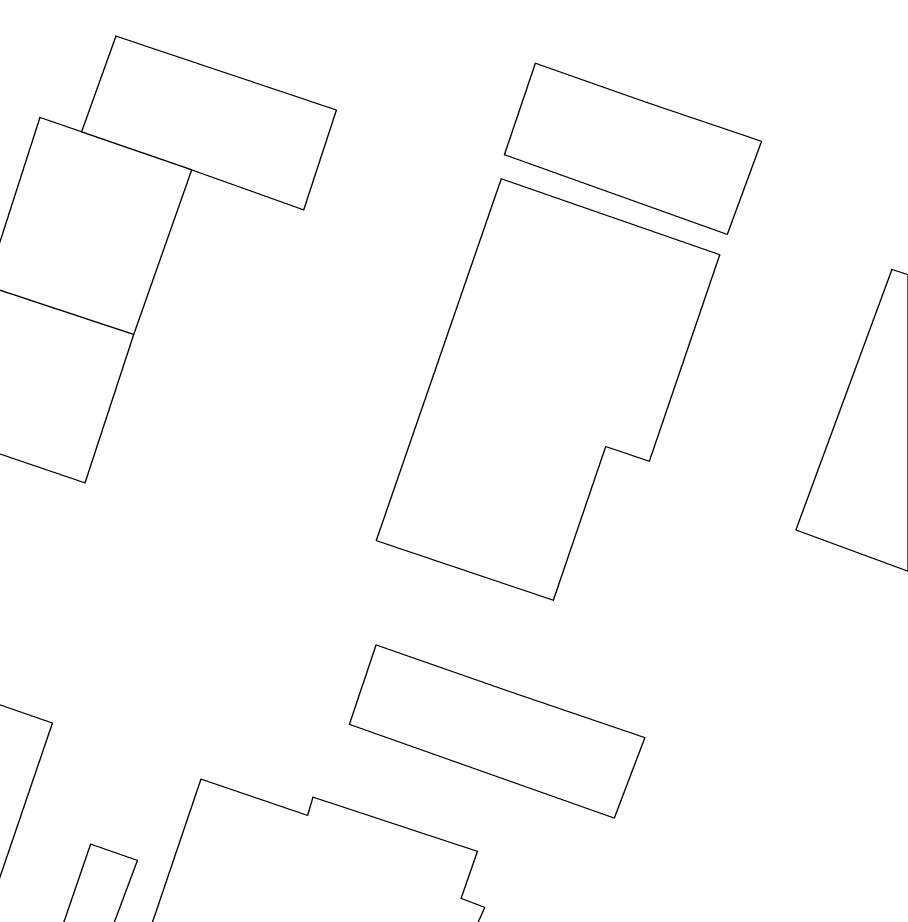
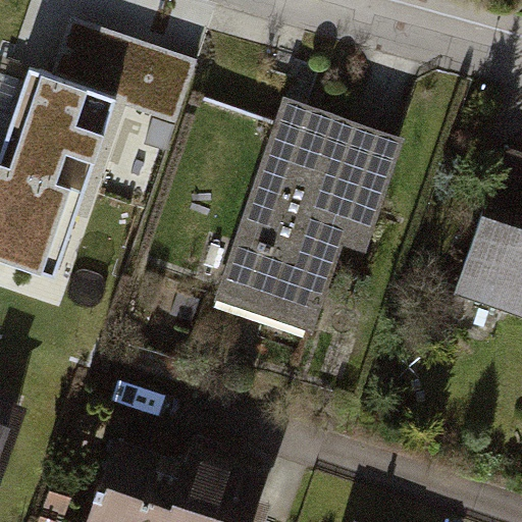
building: [505,63,762,234] -> none
building: [350,645,645,818] -> none

